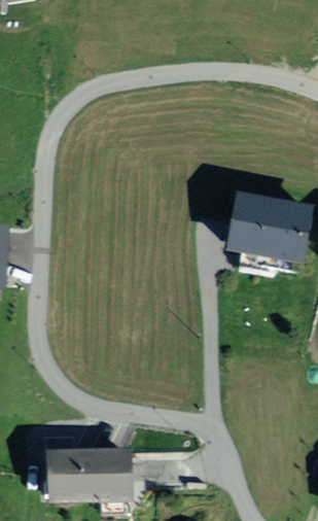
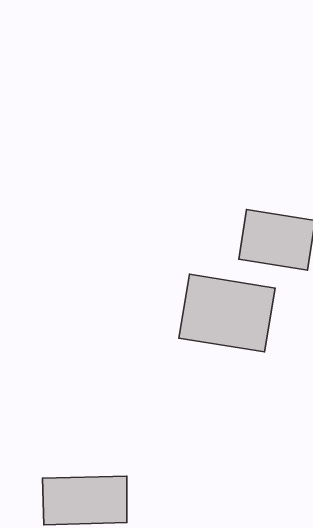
building: none -> [179,274,275,352]

